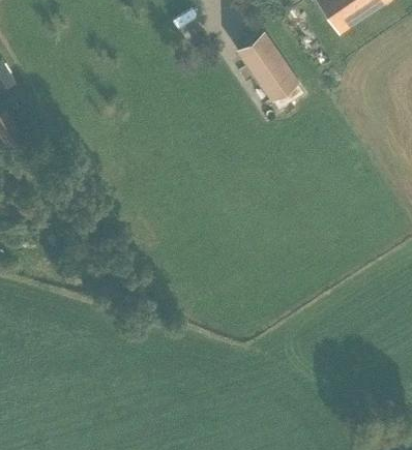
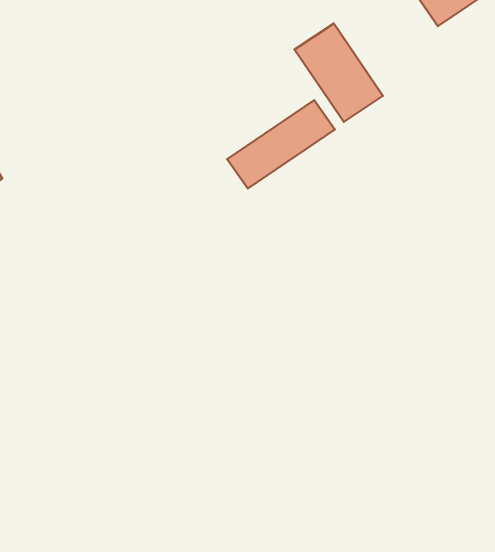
building: none -> [227,100,335,189]

